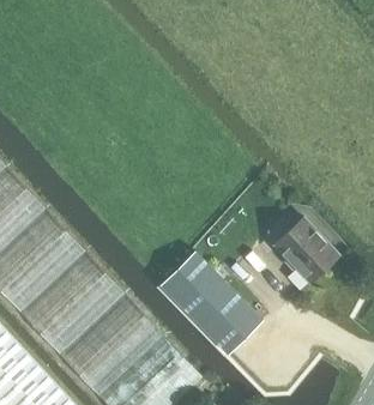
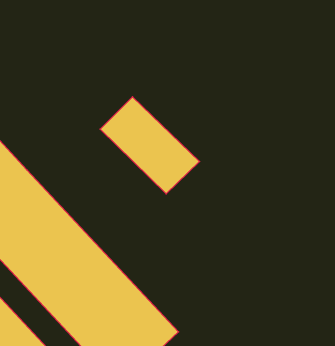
building: [273,216,337,280] -> none
building: [163,252,266,352] -> [100,97,200,194]

